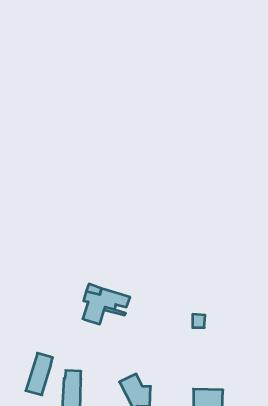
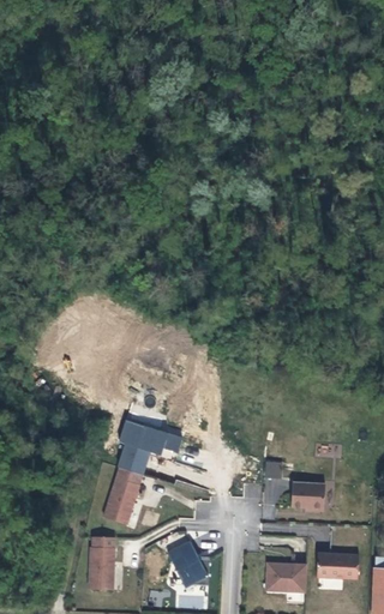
building: none -> [293,481,326,508]
building: [26,353,53,395] -> [104,468,140,524]
building: none -> [317,550,359,577]

